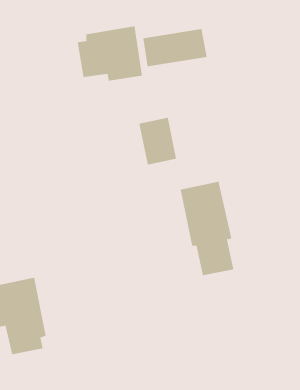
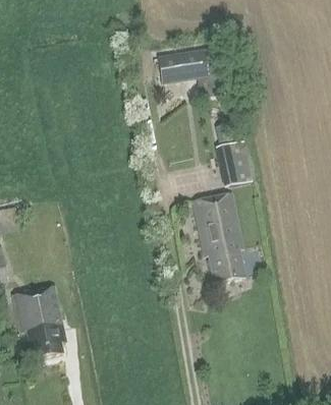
building: [77,26,143,82] -> none
building: [139,117,177,165] -> [215,139,252,185]

